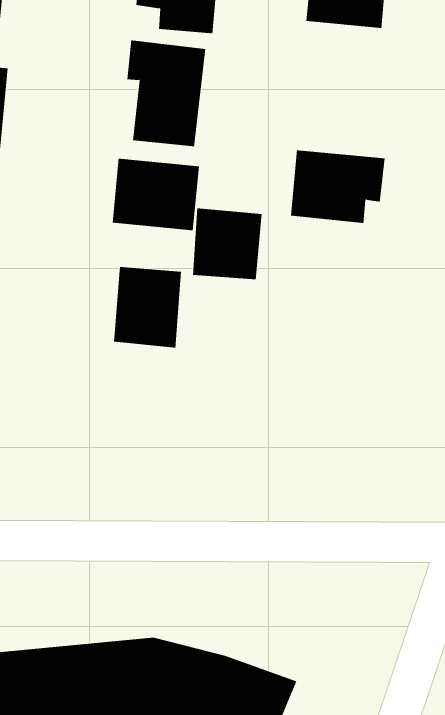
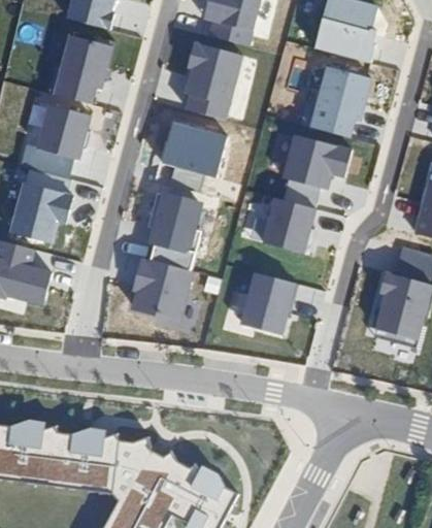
building: none -> [311,66,373,138]
building: [192,208,262,280] -> [265,198,319,253]
building: none -> [240,272,297,337]
building: none -> [132,259,194,321]

